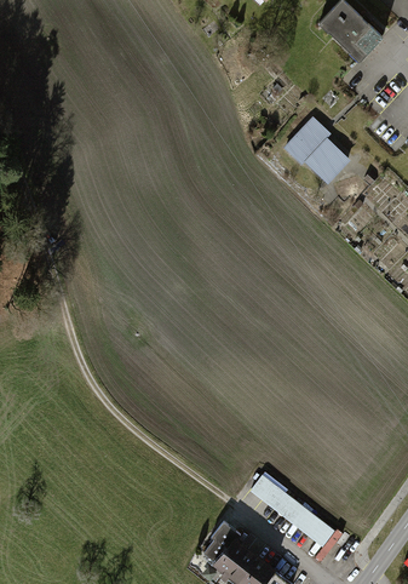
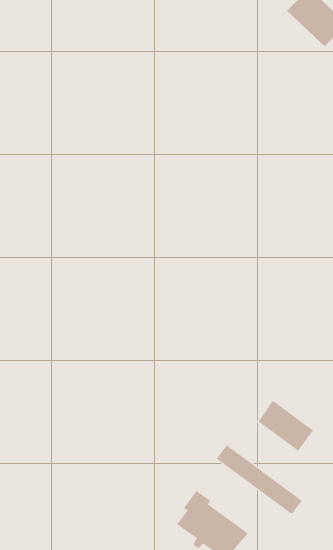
building: [281,118,349,185] -> none
building: none -> [258,400,314,451]

